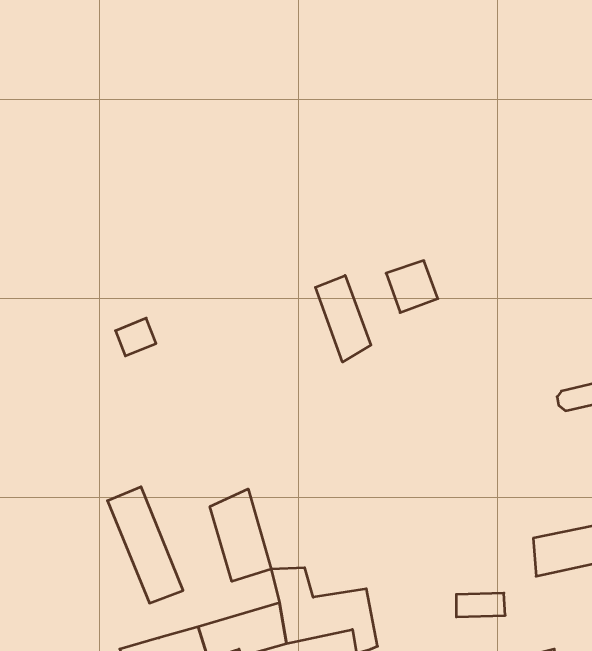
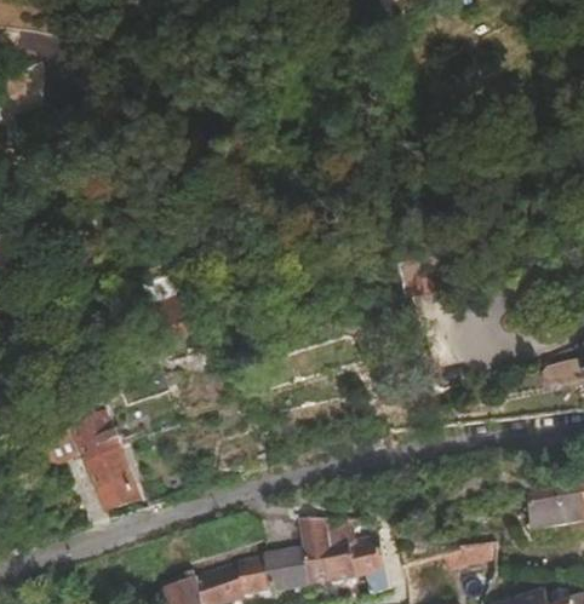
building: [315,275,371,362] -> none
building: [107,487,183,603] -> [69,408,134,508]
building: [210,489,271,581] -> none

